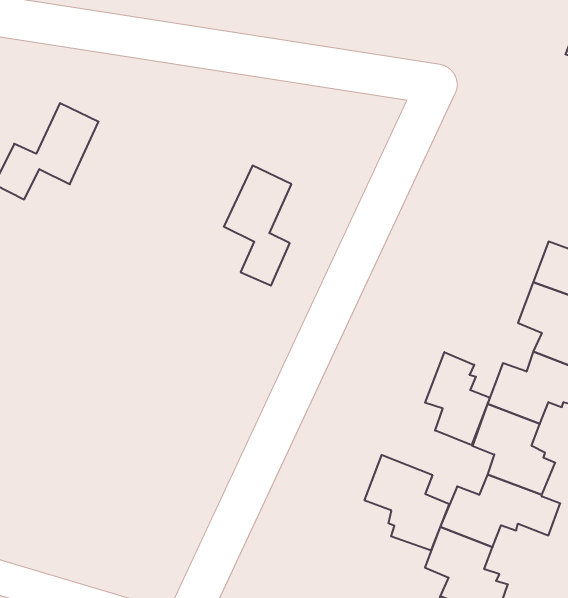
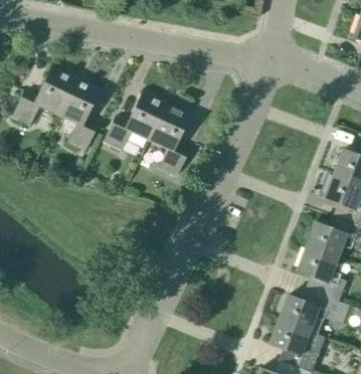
building: none -> [58,77,100,150]
building: none -> [105,92,167,149]
building: [425,352,490,445] -> none
building: [365,455,449,550] -> none

